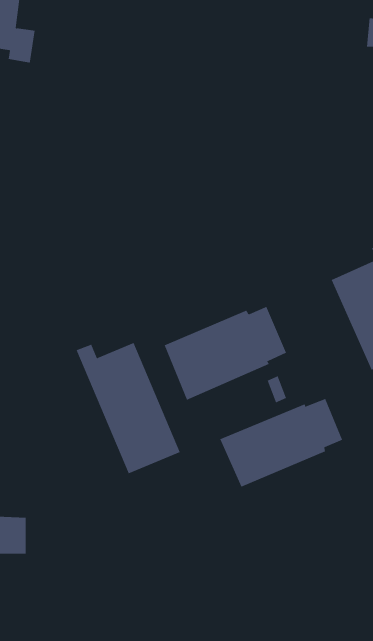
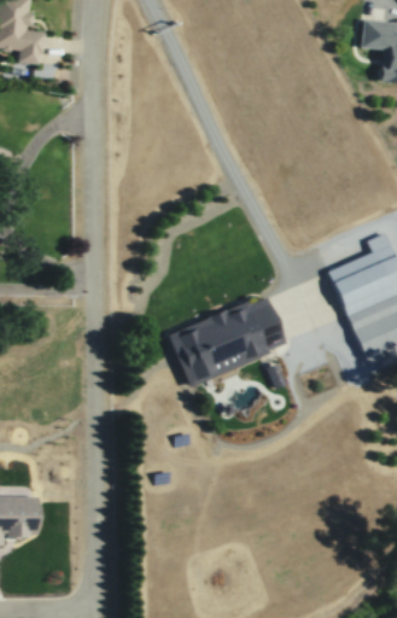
building: [76,342,181,474] -> none
building: [219,398,343,488] -> none

